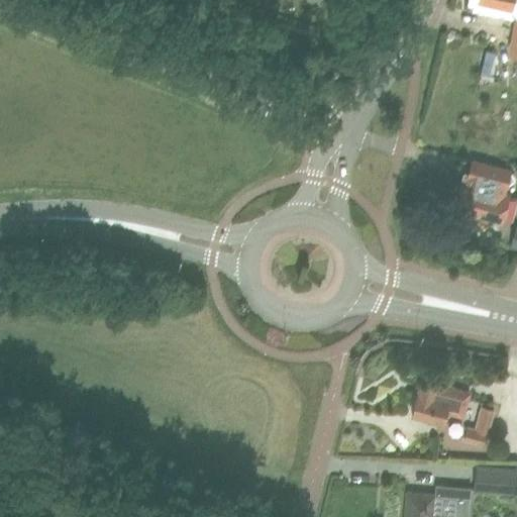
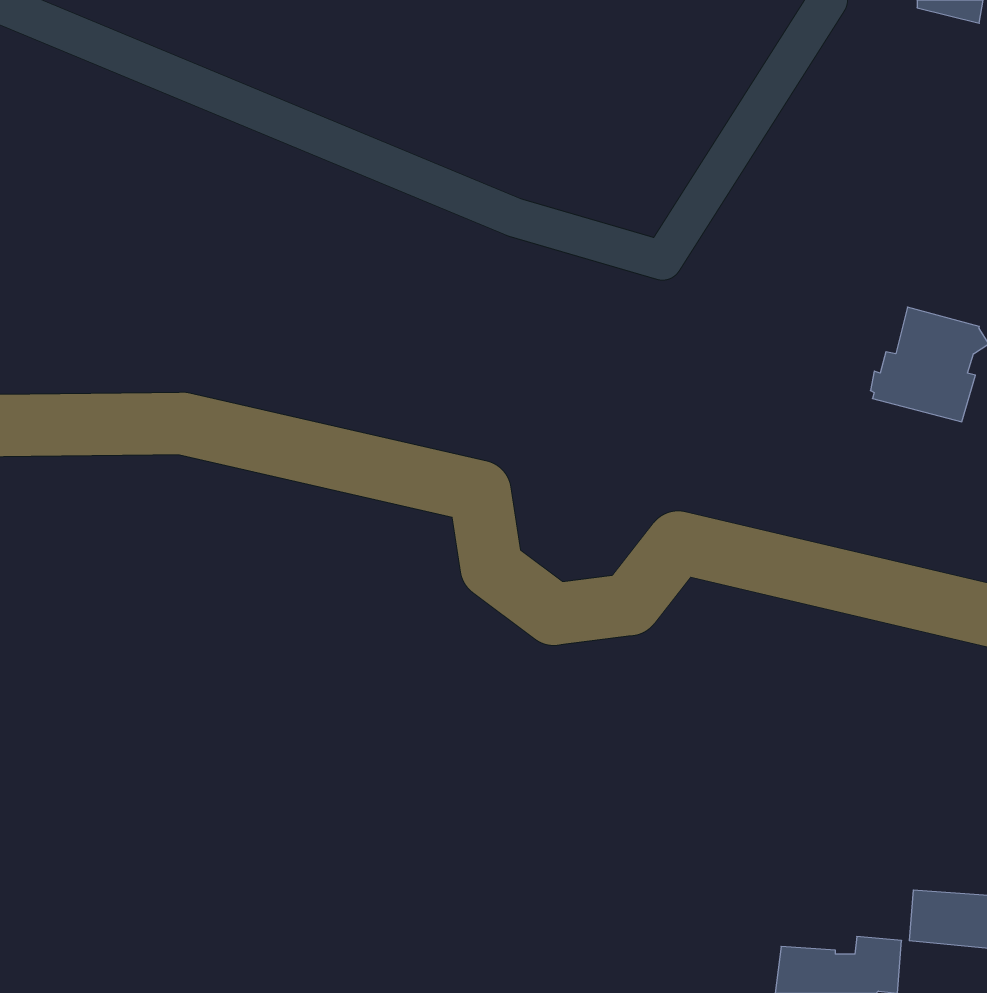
building: [414,376,463,419] -> none
building: [466,404,495,443] -> none

